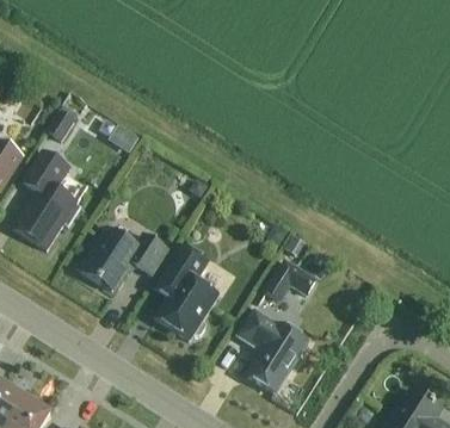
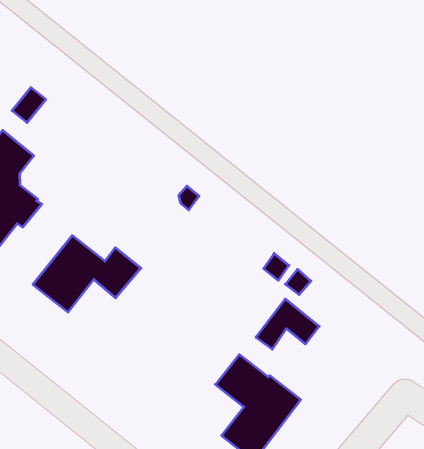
building: [155,244,218,339] -> none

